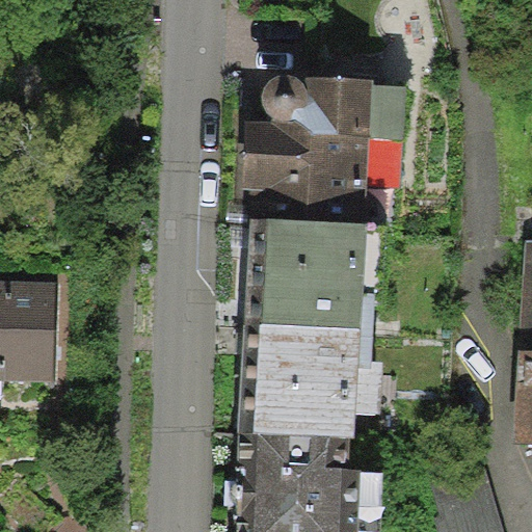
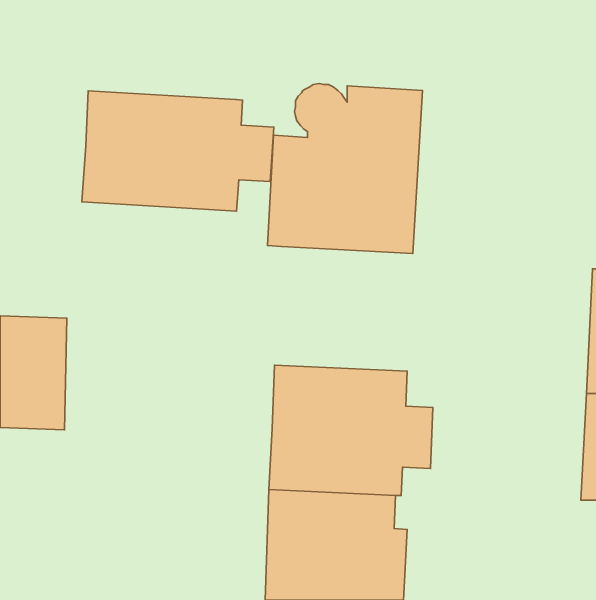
building: none -> [82,91,274,211]
building: [246,218,369,328] -> none

